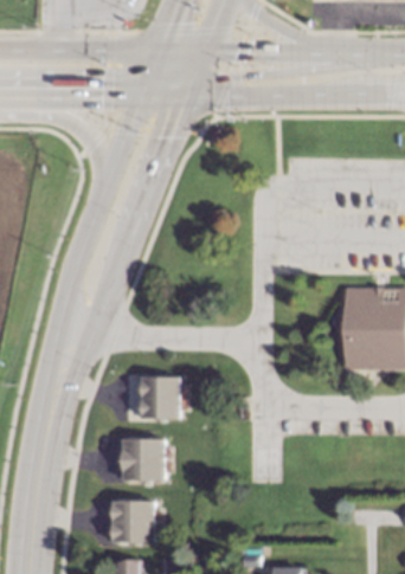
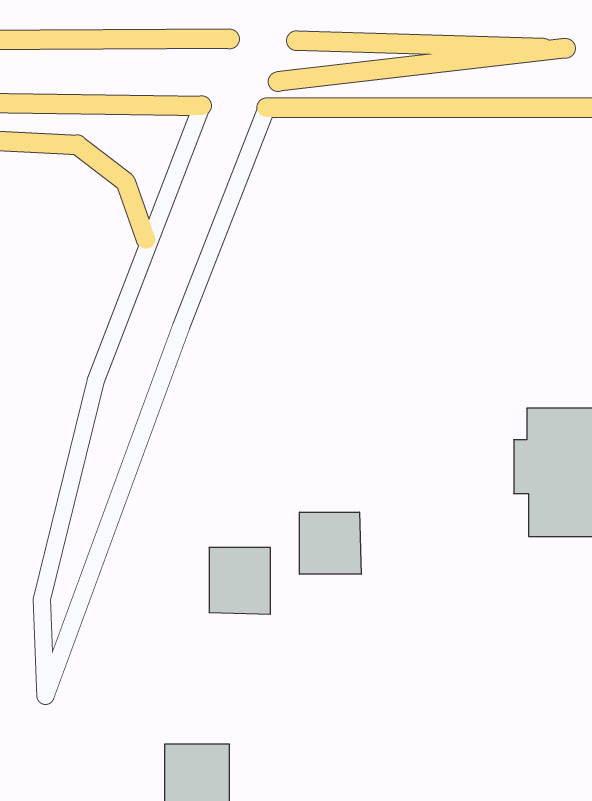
building: none -> [300,512,361,574]
building: [122,439,165,482] -> none

